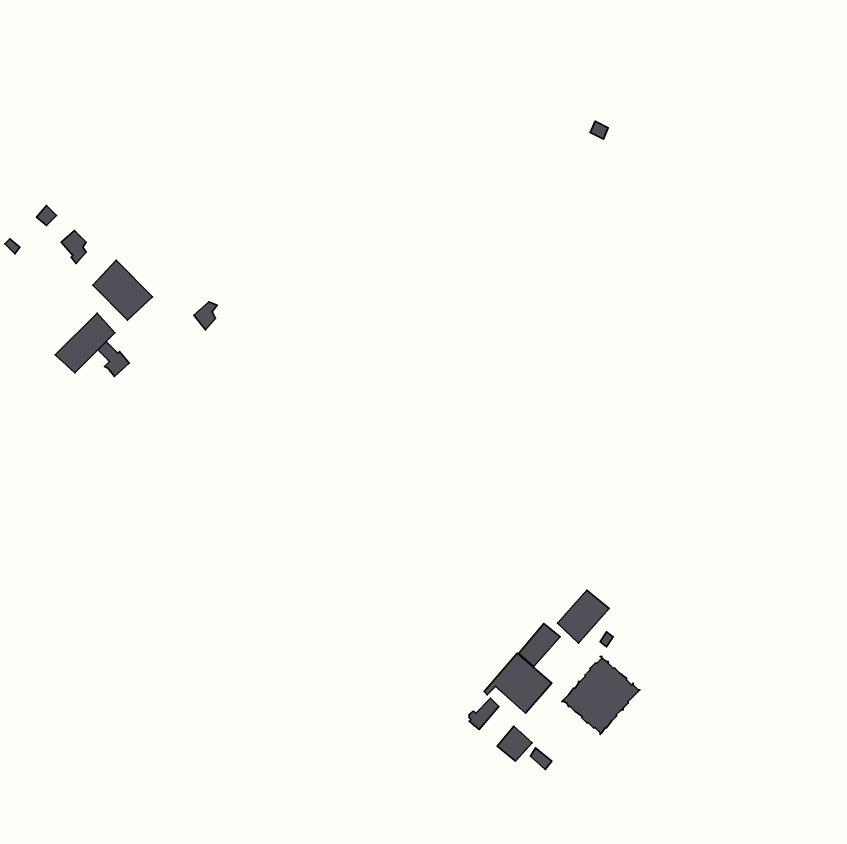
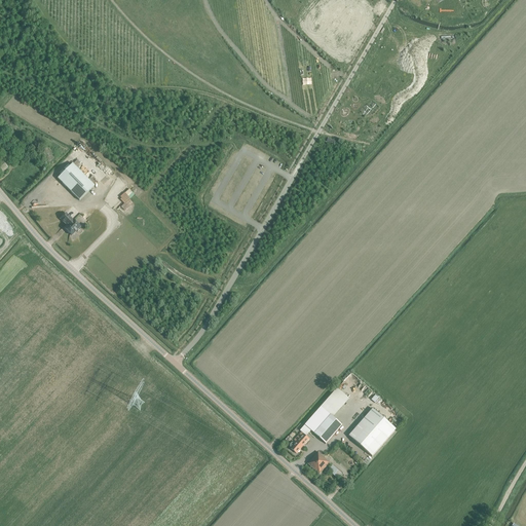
building: [55,313,115,373] -> none
building: [557,590,609,643] -> none

